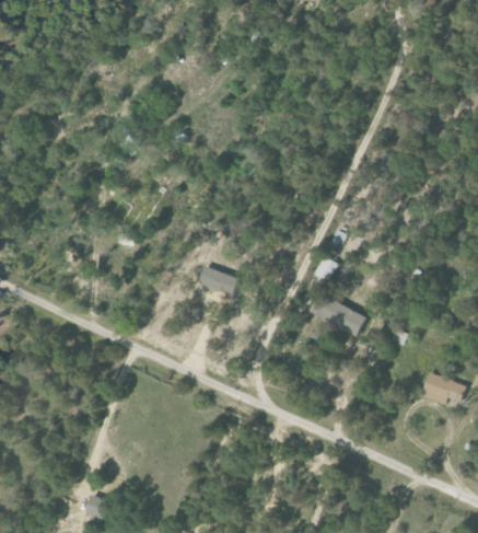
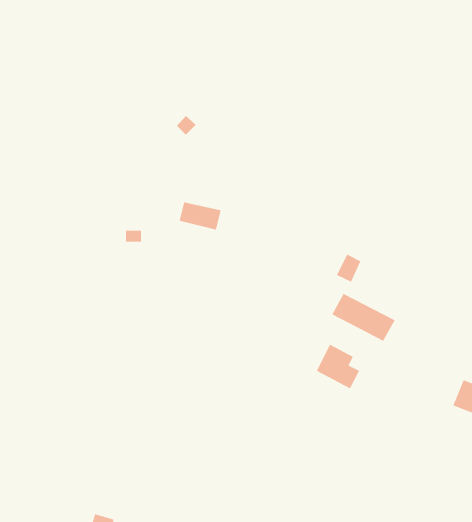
building: [199,268,238,294] -> [179,202,221,230]
building: none -> [316,344,360,389]

